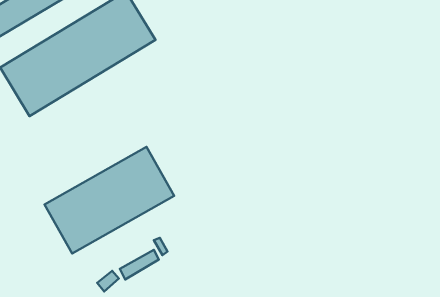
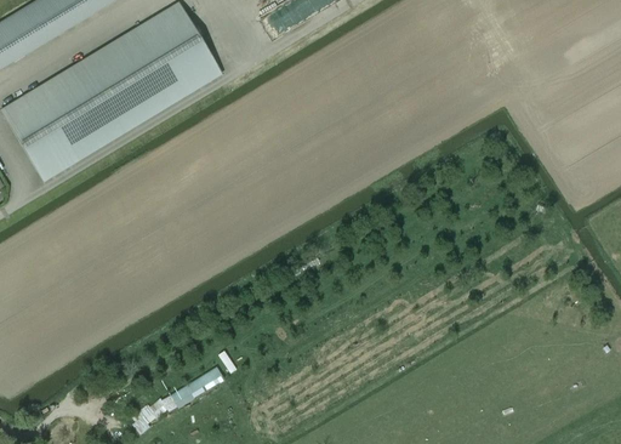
building: [44,147,174,254] -> none

